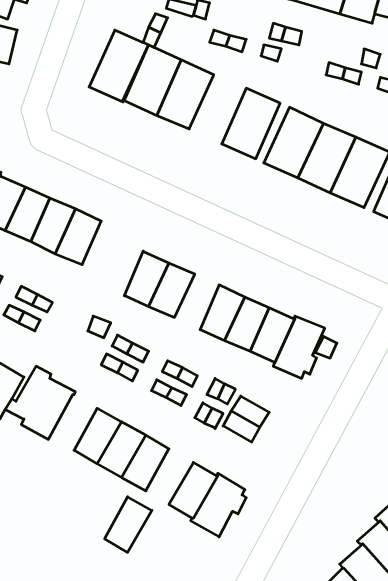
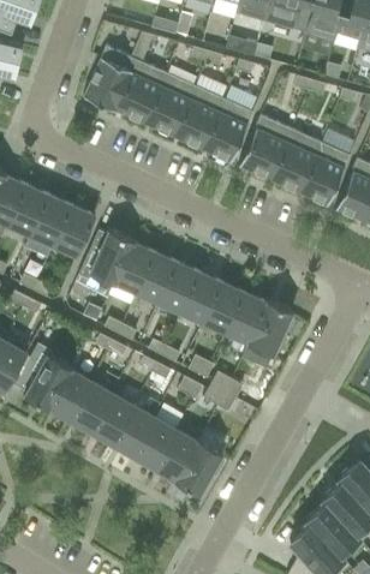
building: none -> [173,86,223,148]
building: none -> [79,229,135,285]
building: none -> [160,263,199,312]
building: none -> [49,370,91,419]
building: [105,497,152,552] -> [135,418,177,467]

